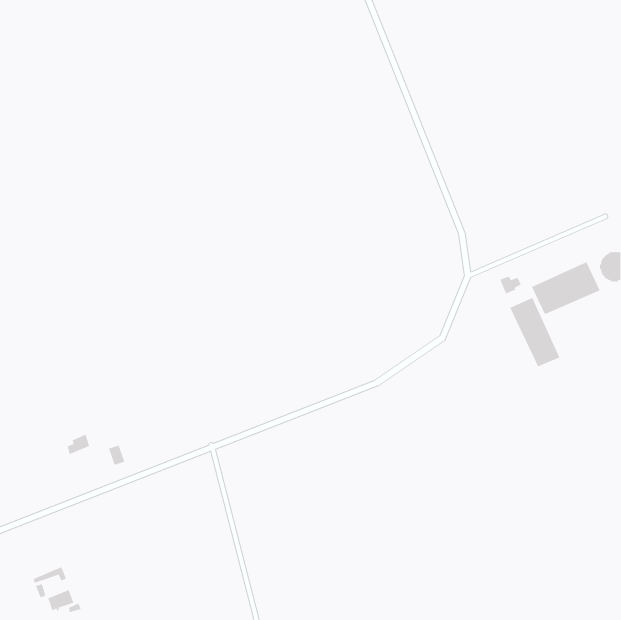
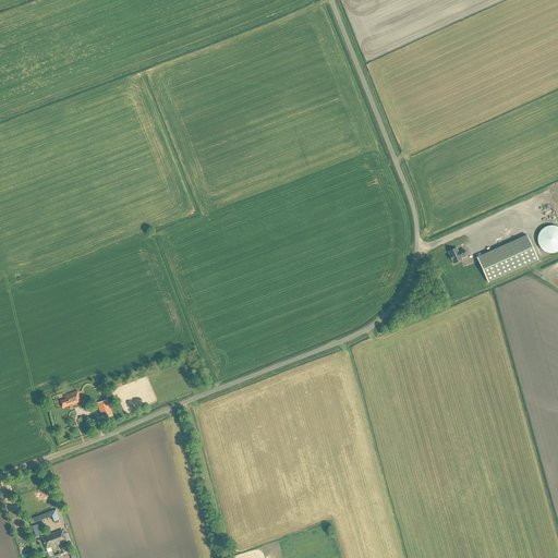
building: [509,297,560,367] -> none

